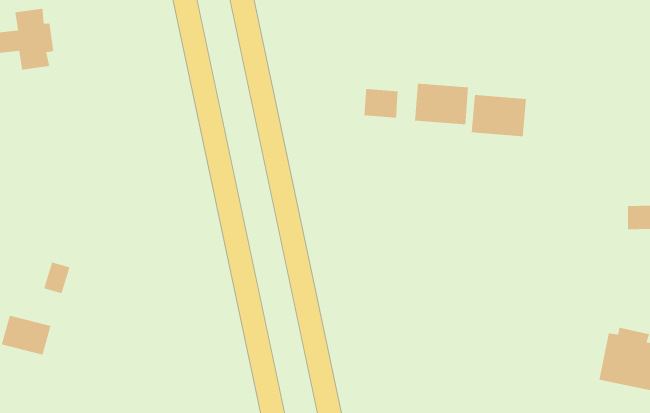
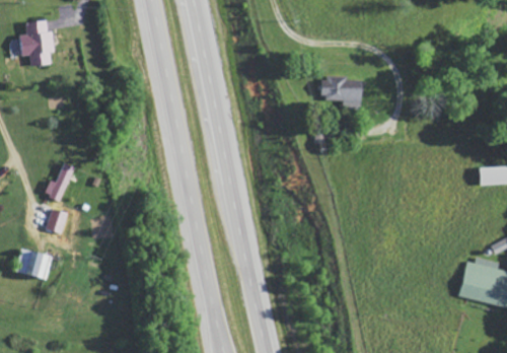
building: [364,88,399,119] -> none
building: [471,94,527,137] -> none
building: none -> [46,162,73,200]

